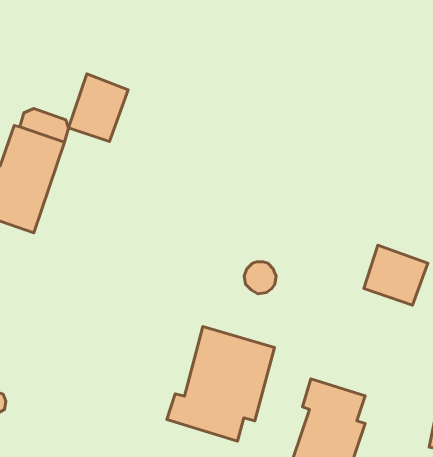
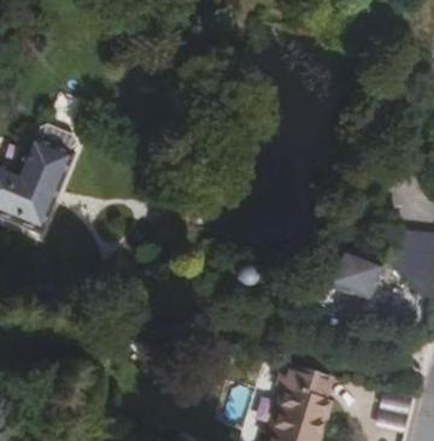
building: [68,74,128,142] -> none
building: [167,327,274,441] -> none

